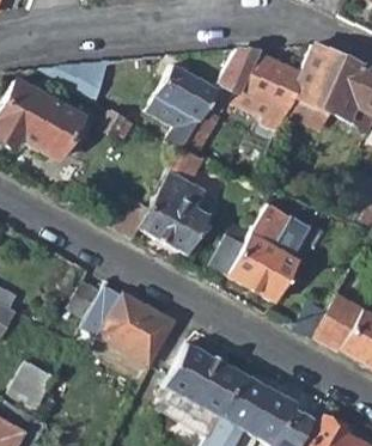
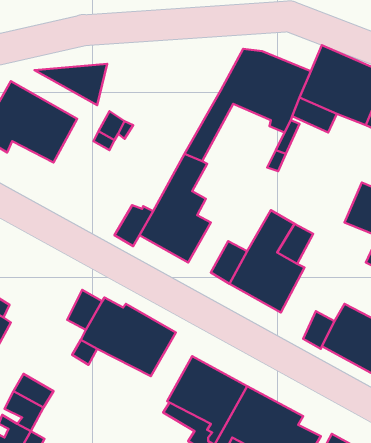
building: [154,65,218,149] -> none

